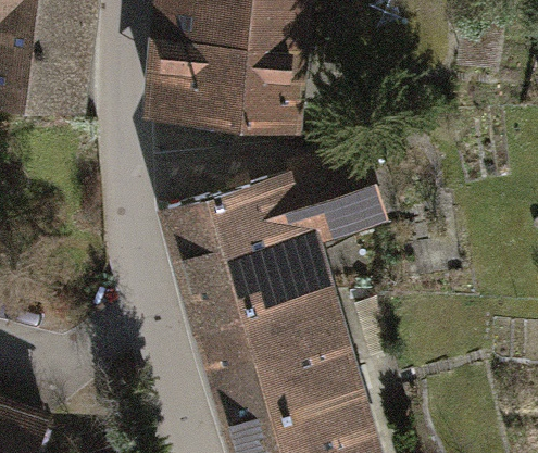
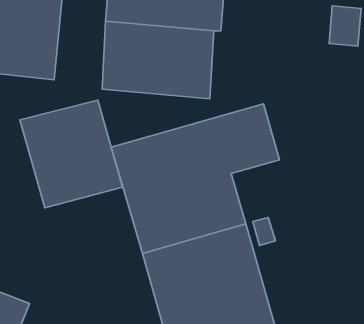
building: none -> [20,100,123,208]

